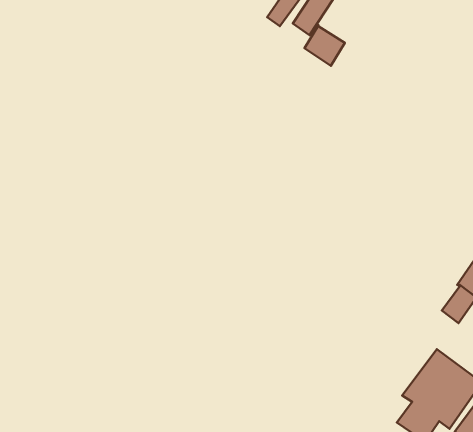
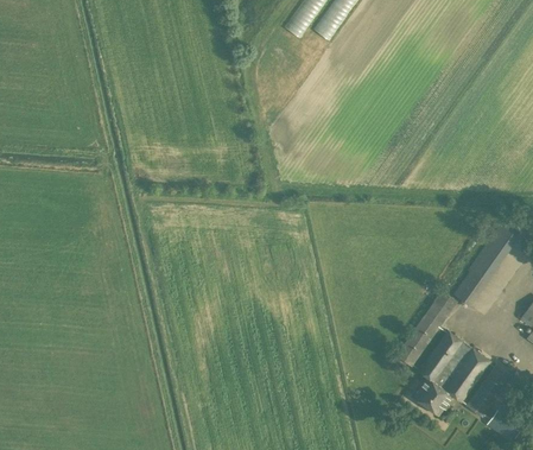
building: [304,25,345,66] -> none
building: none -> [395,291,457,367]

